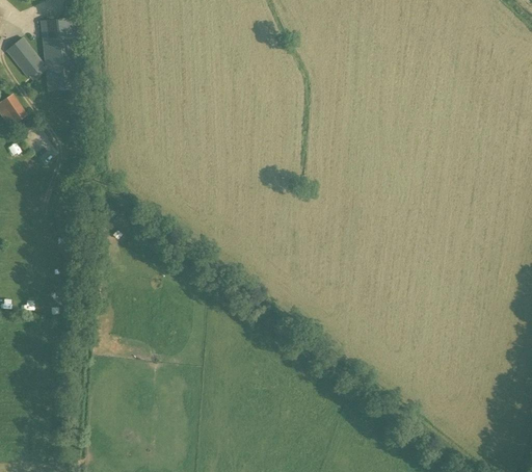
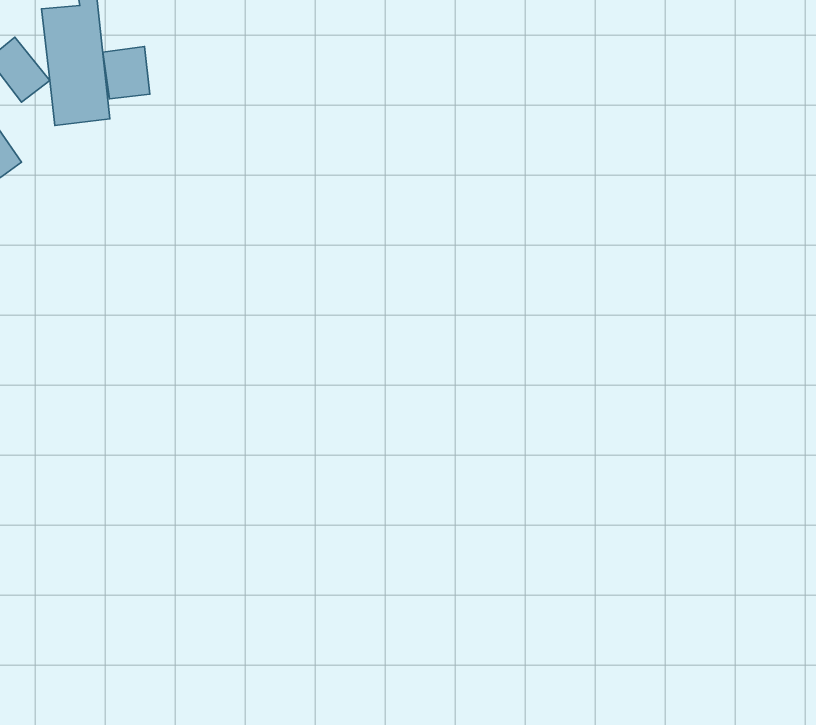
building: none -> [103,46,150,99]

